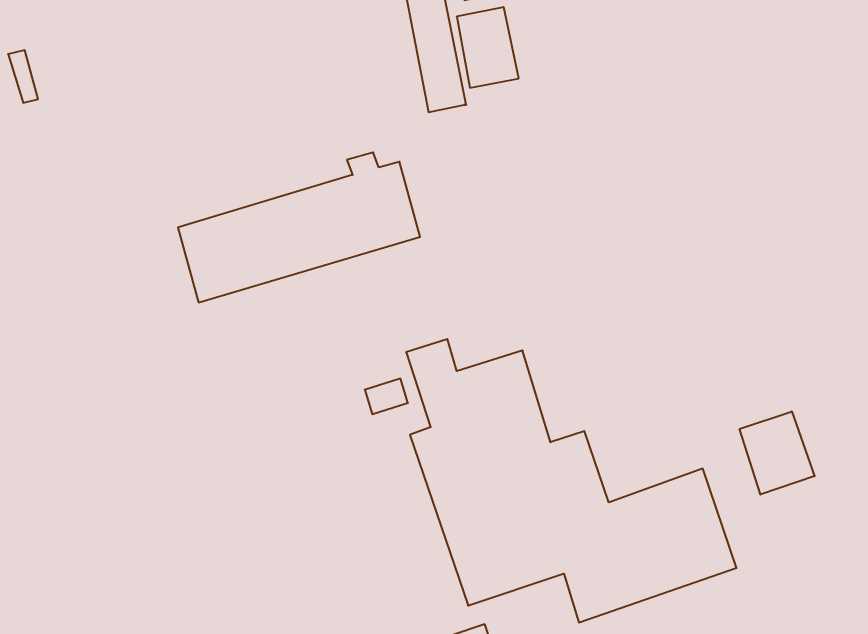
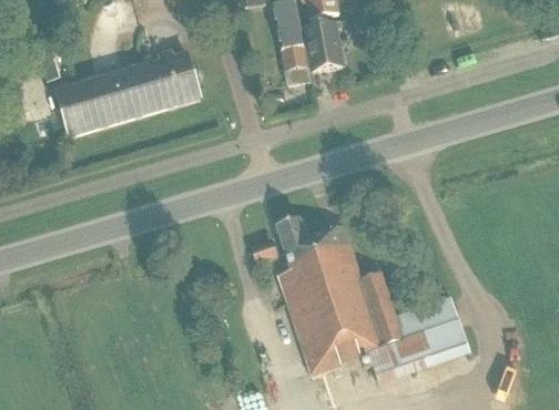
building: [178,152,420,302] -> [57,48,200,136]
building: [740,411,815,495] -> none

